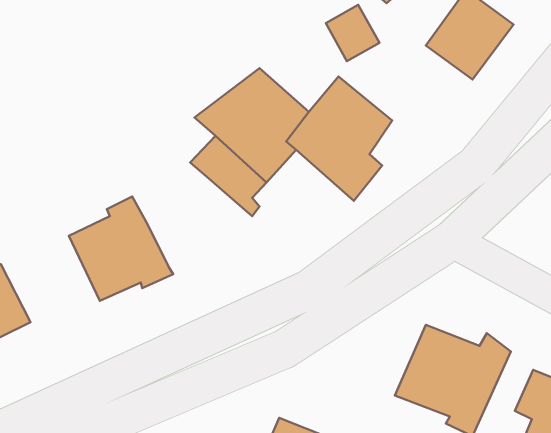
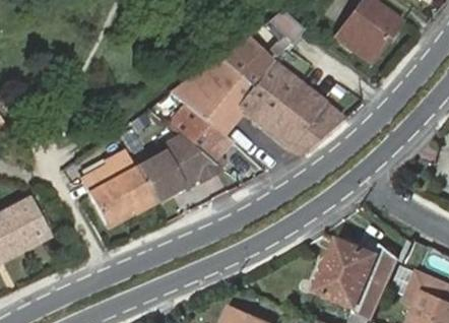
building: none -> [217,37,274,86]
building: none -> [285,92,344,155]
building: none -> [132,136,221,198]

